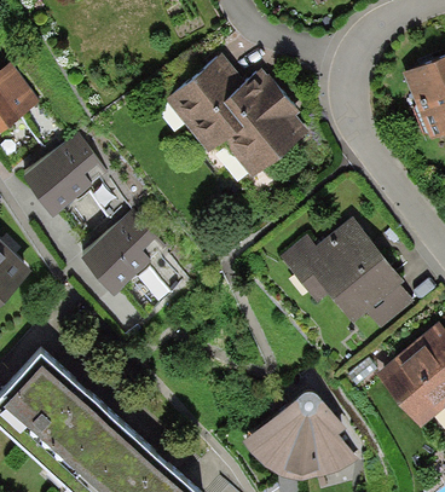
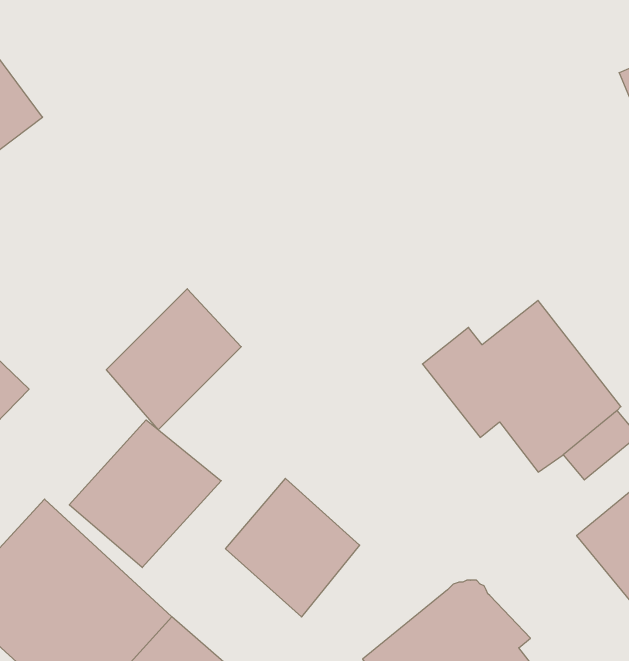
building: [164,52,308,179] -> none
building: [23,132,106,220] -> none
building: none -> [69,420,221,568]
building: none -> [226,478,360,617]

